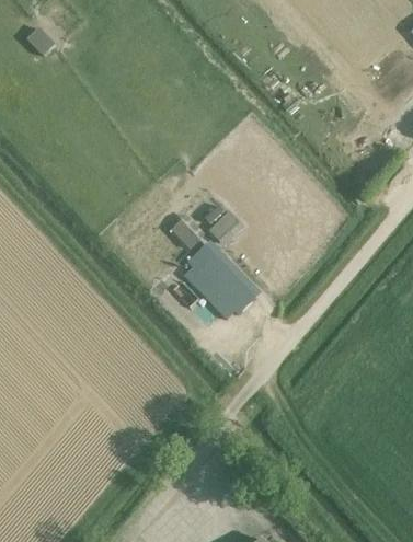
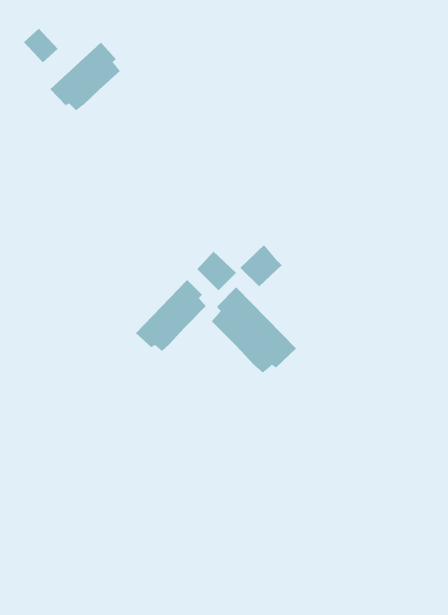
building: none -> [49,41,121,111]
building: none -> [135,279,207,352]

